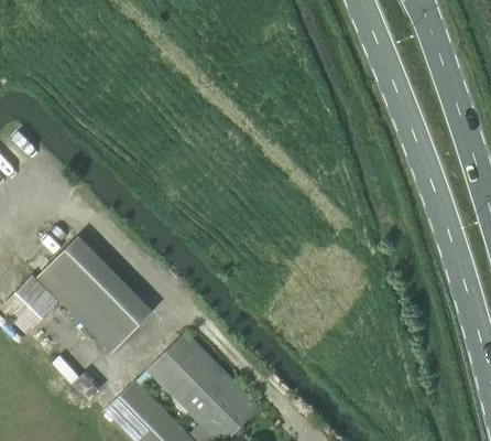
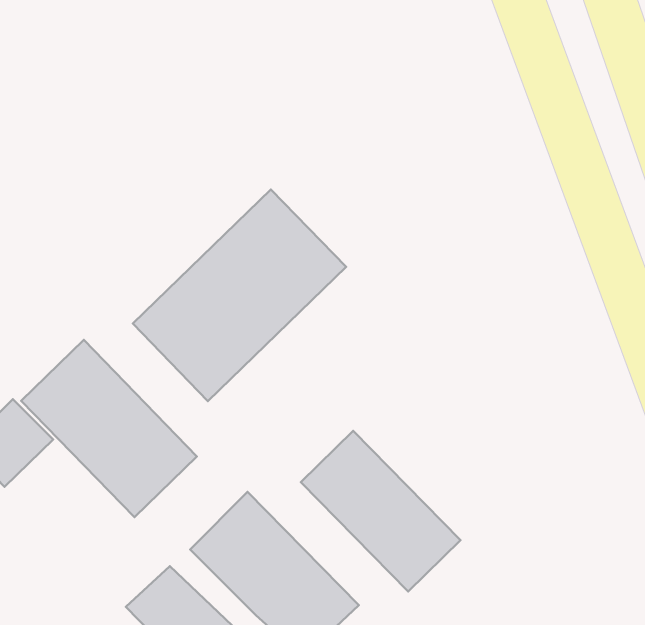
building: none -> [133,189,346,401]
building: none -> [301,431,460,591]

